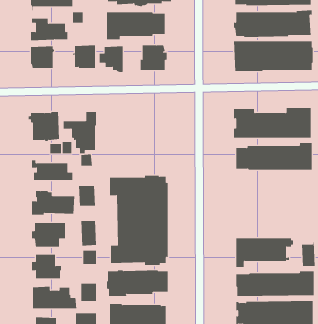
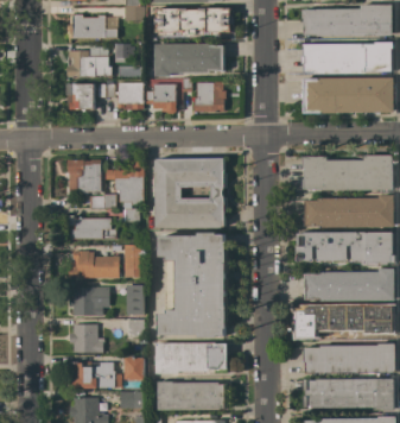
building: none -> [153,158,227,228]
building: none -> [296,232,394,263]
building: none -> [304,269,394,303]

